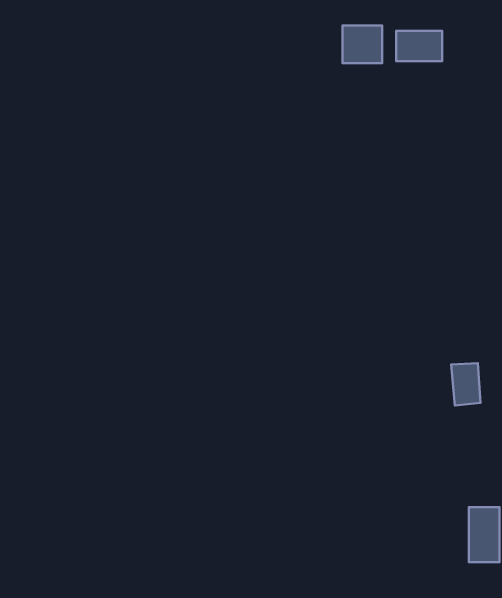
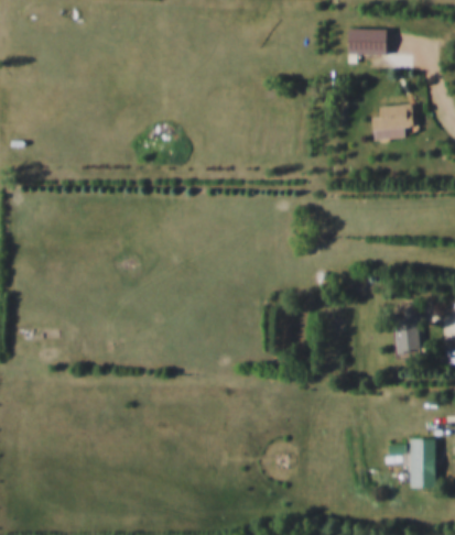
building: [343,26,382,63] -> none
building: none -> [372,107,412,140]

